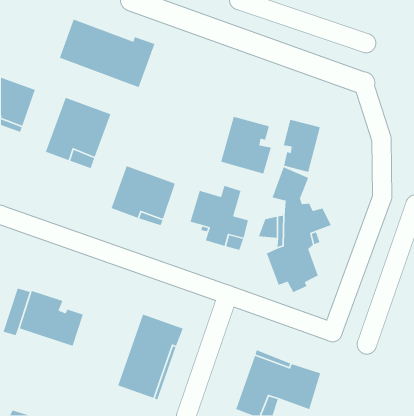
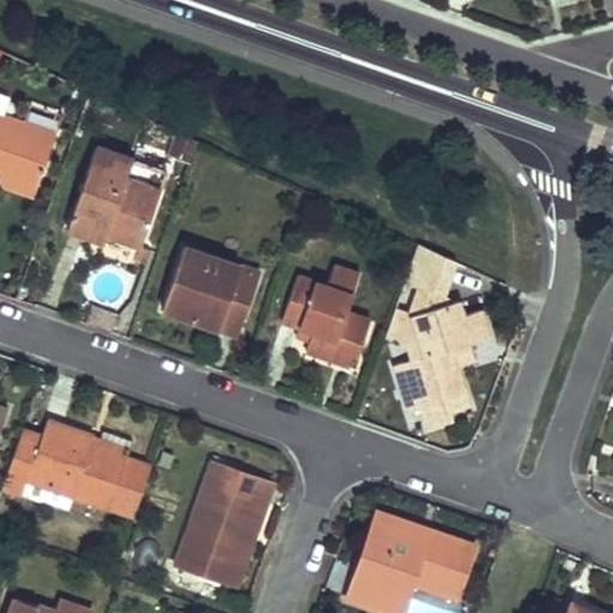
building: [59,19,155,88] -> none
building: [220,116,272,175] -> none
building: [283,118,321,173] -> none
building: none -> [110,462,152,518]

